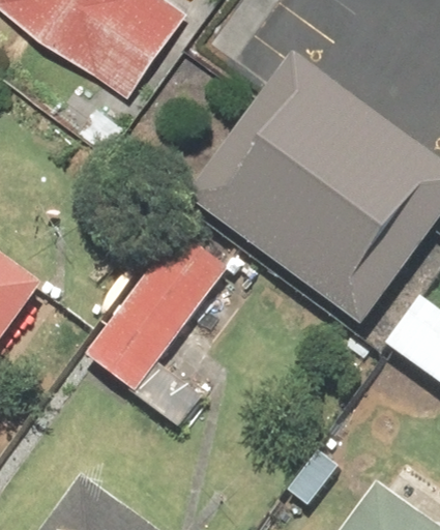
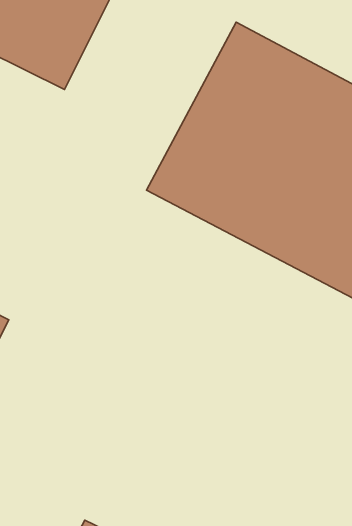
building: [85,231,230,426] -> none

